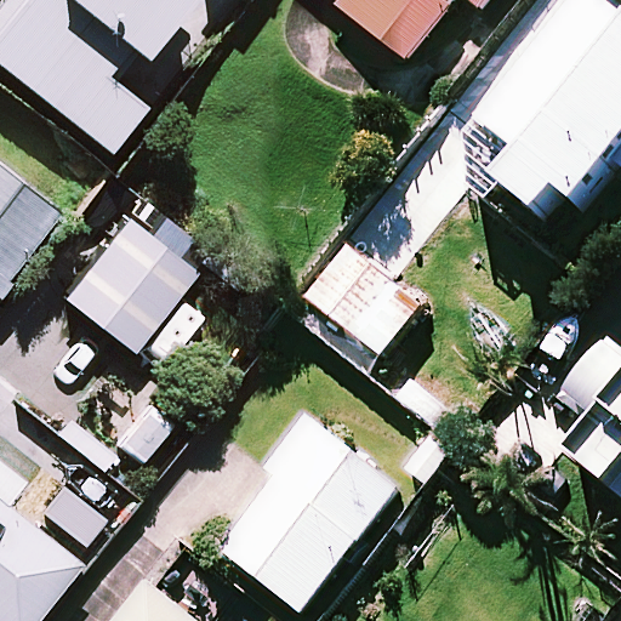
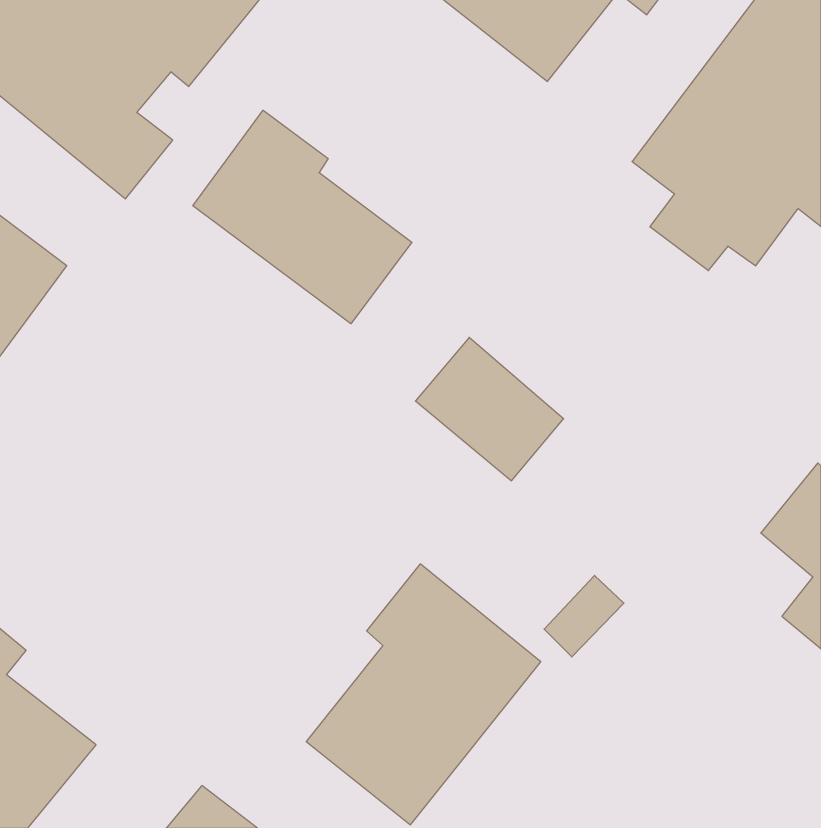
building: none -> [193,110,412,324]
building: [59,209,192,343] -> none

